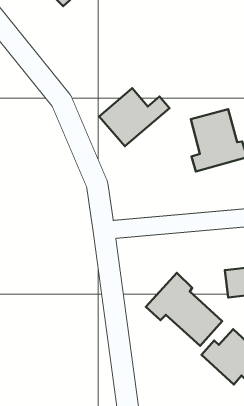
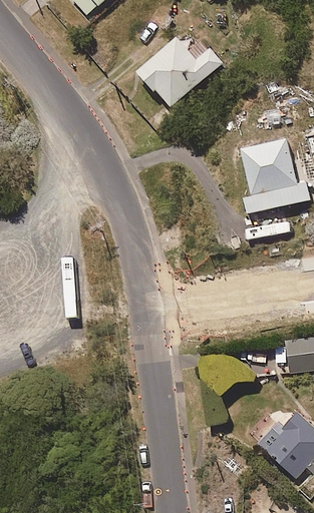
building: [99,88,170,146] -> [136,38,222,108]
building: [146,273,222,346] -> none

